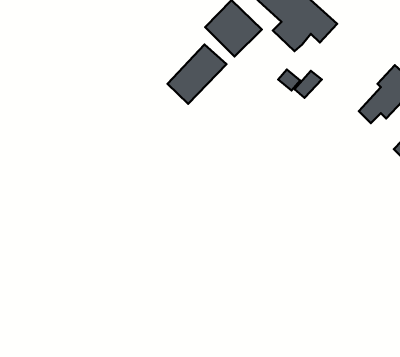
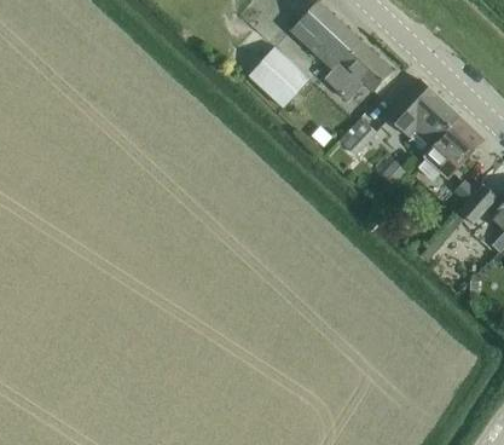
building: none -> [387,80,459,150]
building: [167,44,226,104] -> none

